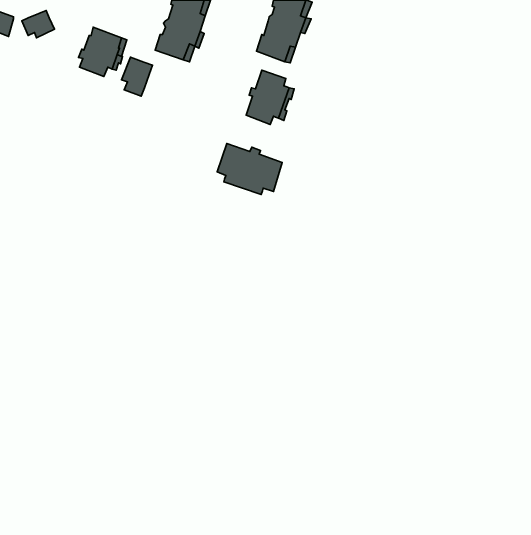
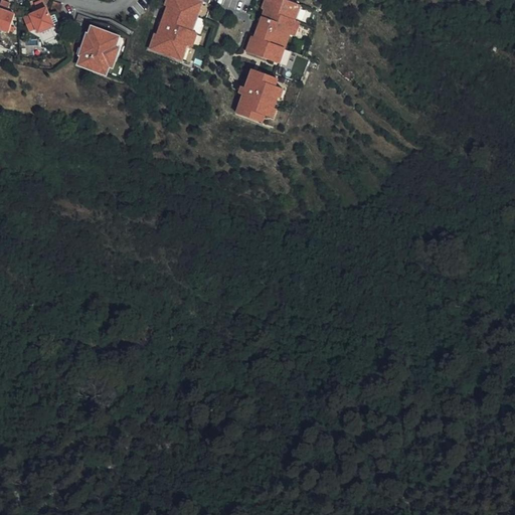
building: [121,57,152,96] -> none
building: [217,143,282,195] -> none

